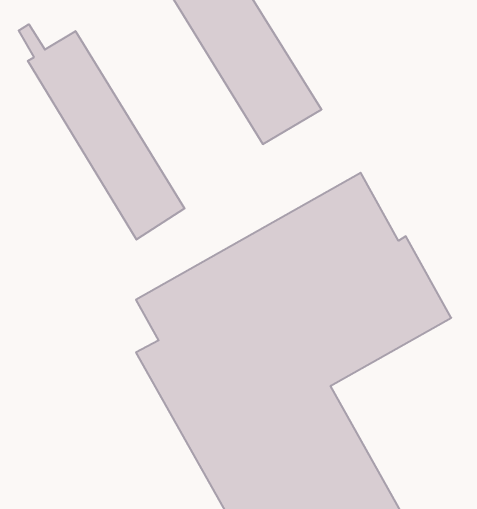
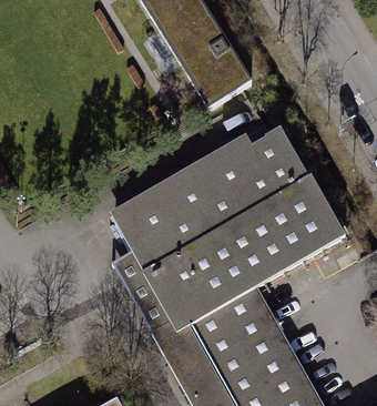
building: [19,24,185,240] -> none

